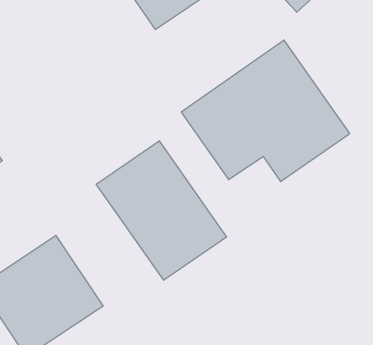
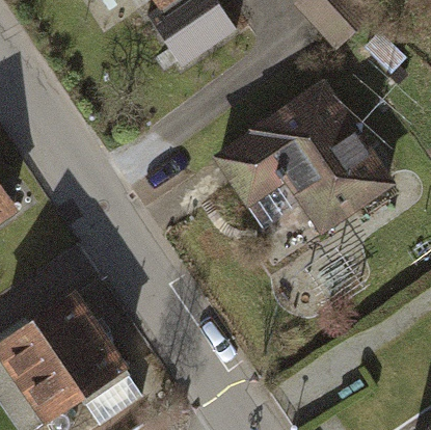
building: [96,141,227,280] -> none

